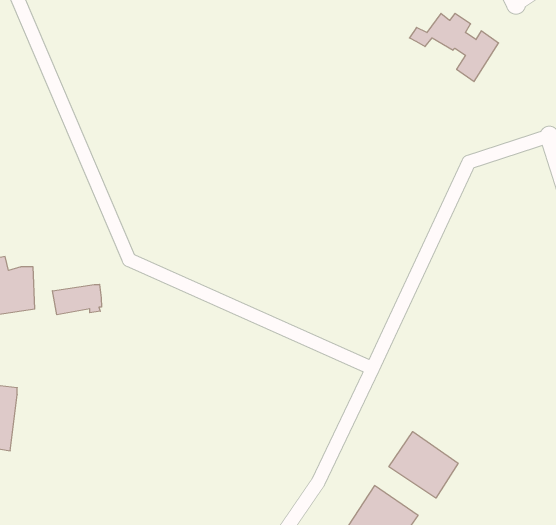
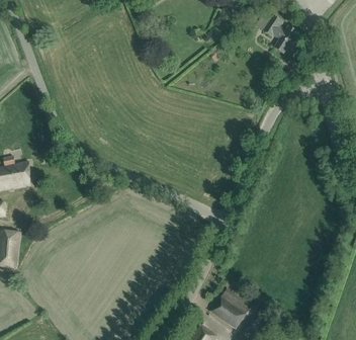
building: [52,284,101,315] -> none
building: [389,432,458,498] -> none

